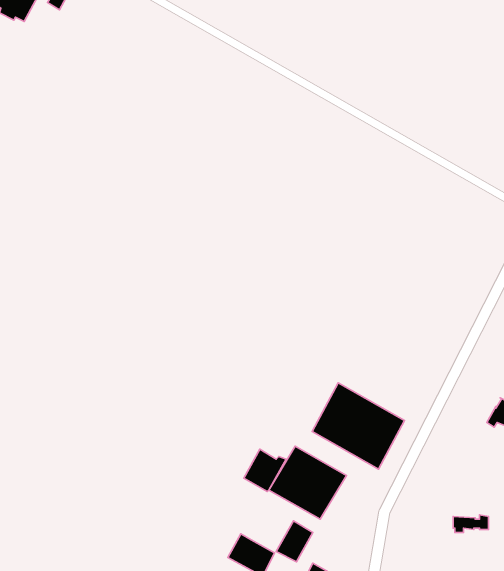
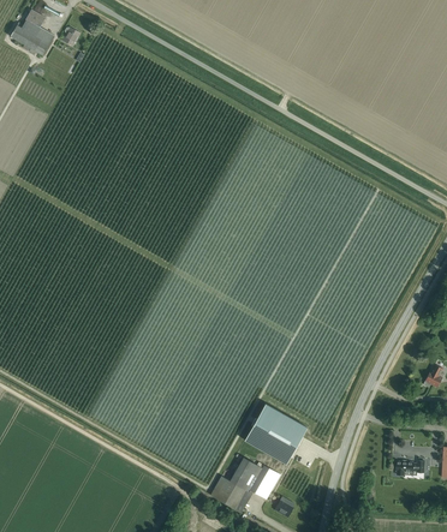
building: [312,383,405,469] -> none
building: [244,449,286,492] -> [230,456,264,491]

